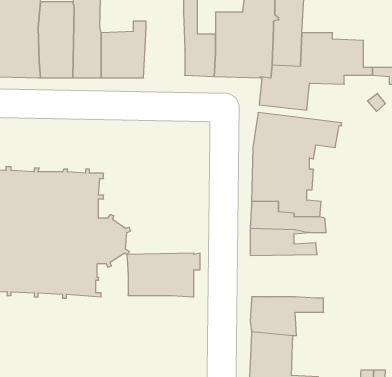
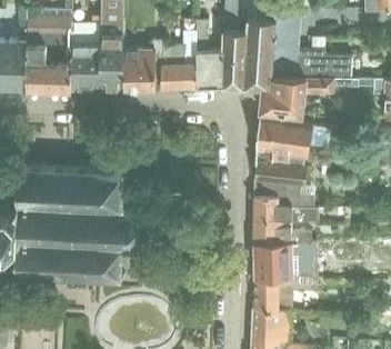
building: none -> [160,32,196,89]
building: [127,253,200,297] -> [252,241,315,279]

